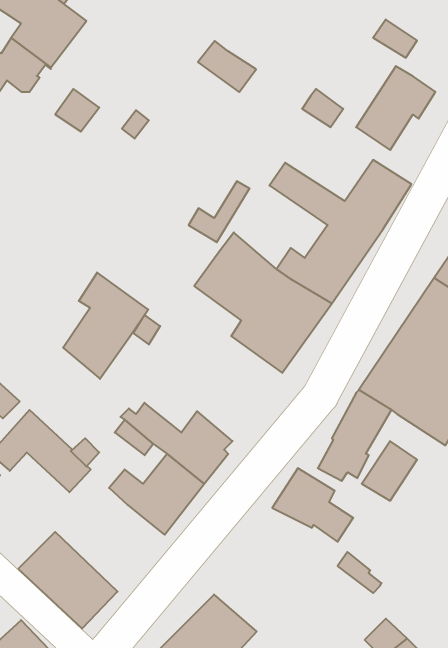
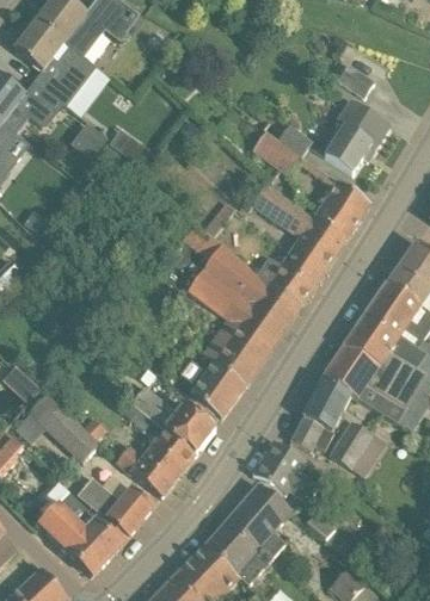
building: [198,41,256,92] -> [252,131,301,174]
building: [63,272,148,379] -> [189,330,260,420]
building: none -> [76,477,154,537]
building: none -> [203,484,291,585]

